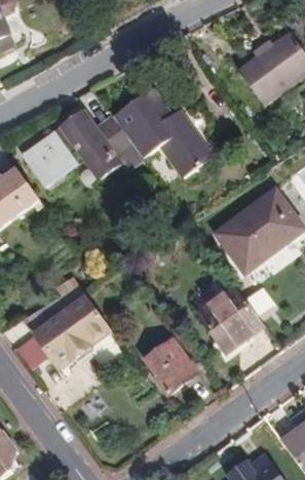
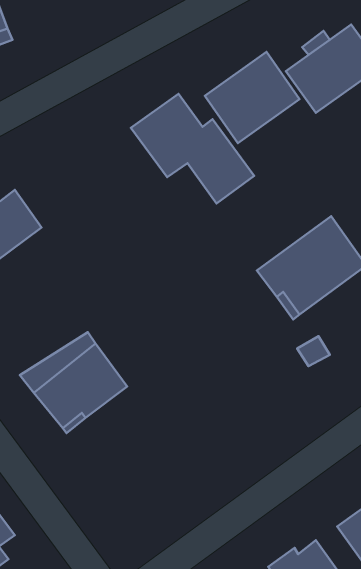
building: none -> [205,52,300,143]
building: [23,110,143,184] -> none
building: [197,284,264,352] -> none
building: [142,336,199,394] -> none

